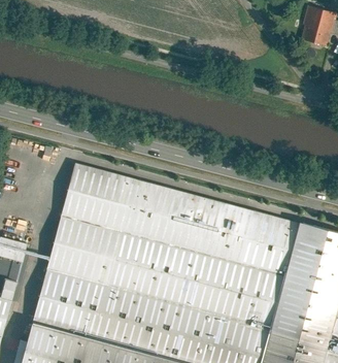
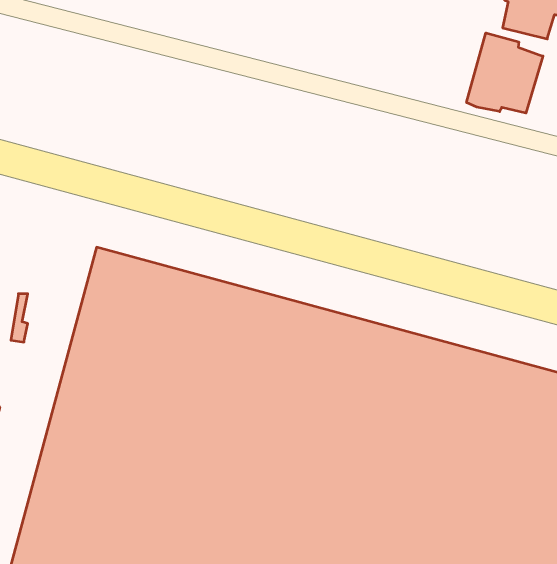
building: none -> [467,33,543,113]

